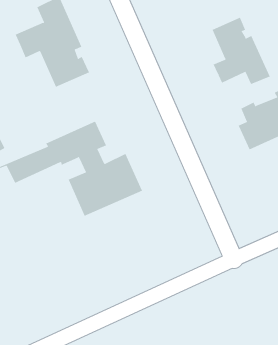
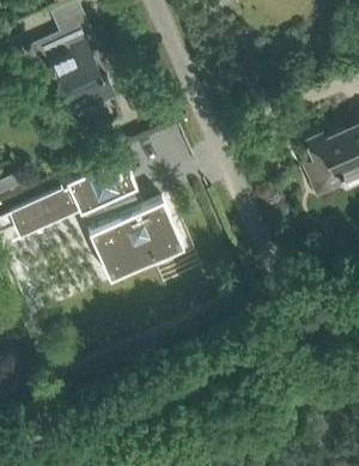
building: [212,17,270,85] -> none

